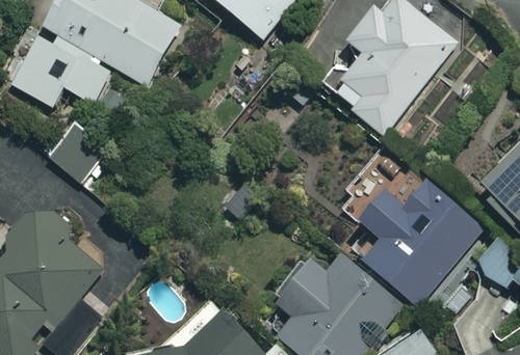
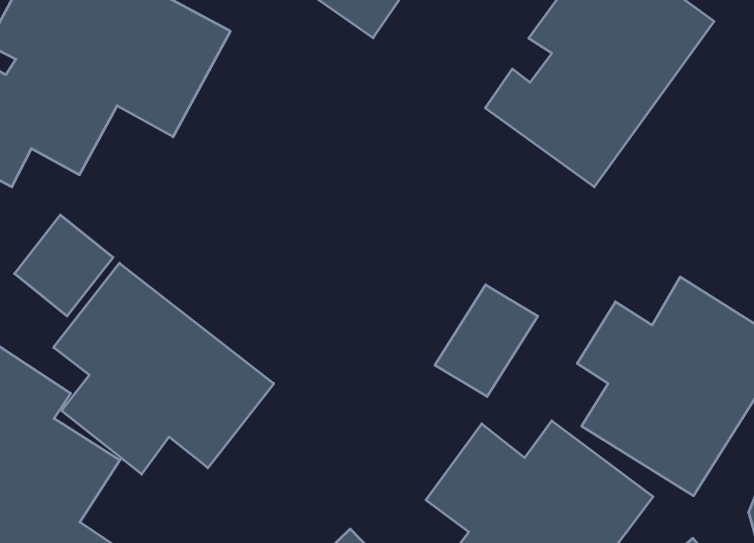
building: none -> [54,263,274,474]
building: none -> [435,285,538,397]

